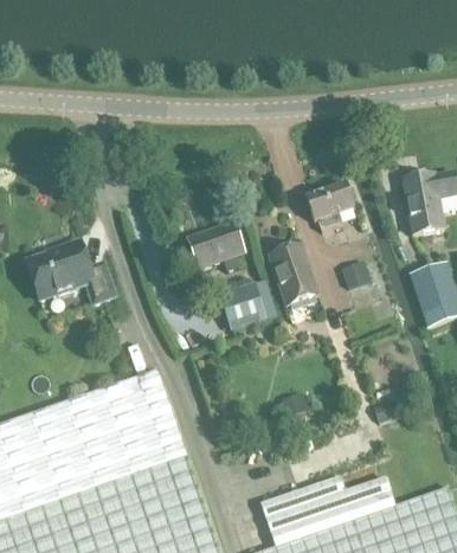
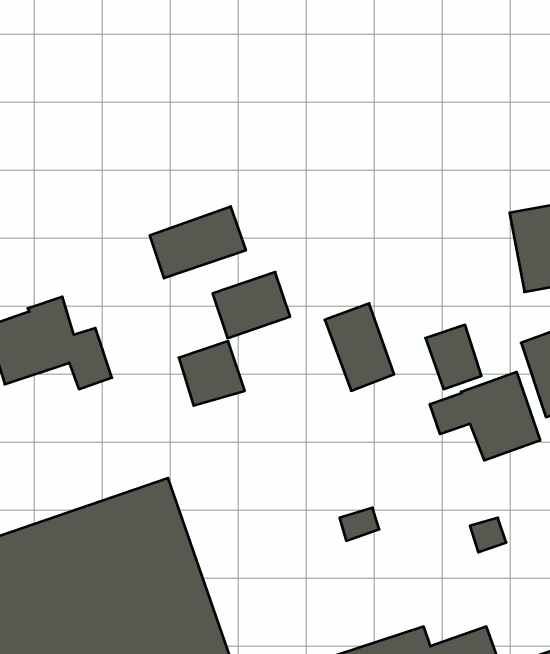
building: none -> [150,206,246,278]
building: [307,185,354,231] -> none
building: [225,281,272,327] -> [179,341,245,406]
building: none -> [430,372,540,460]

